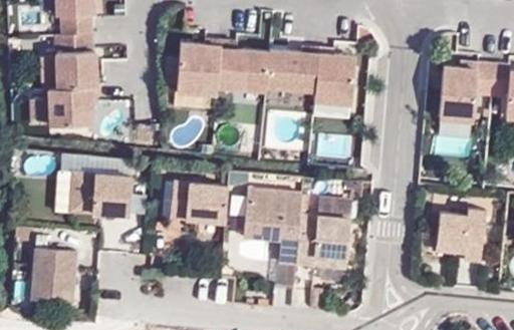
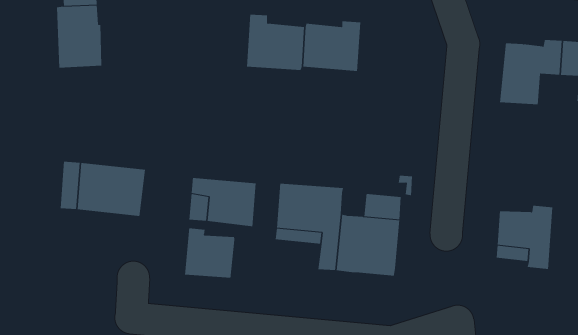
building: [177,38,221,93] -> none
building: [314,47,355,103] -> none
building: [44,85,93,124] -> none
building: none -> [185,228,235,278]
building: [29,250,73,307] -> none

